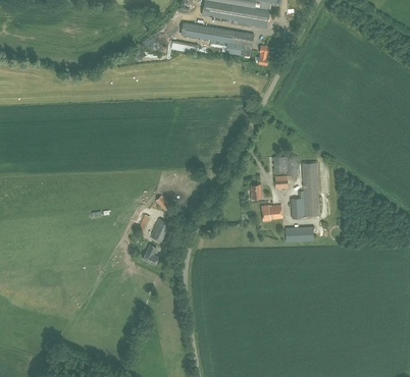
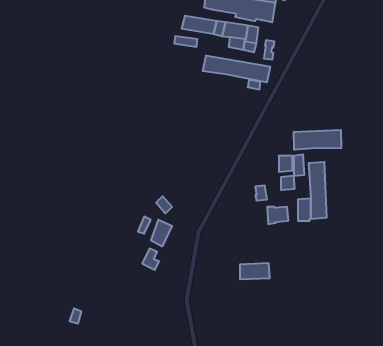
building: none -> [203,55,270,82]
building: none -> [294,130,341,150]
building: [286,226,314,241] -> [240,263,270,279]

